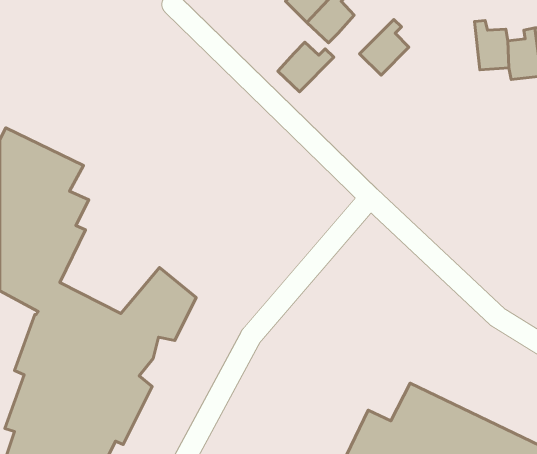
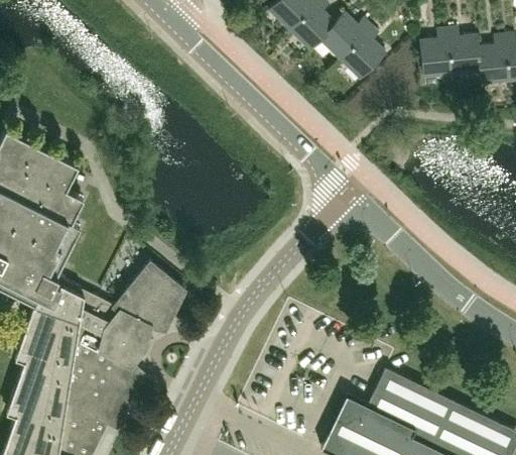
building: none -> [419,30,452,79]
building: [278,42,334,92] -> [318,14,371,61]

